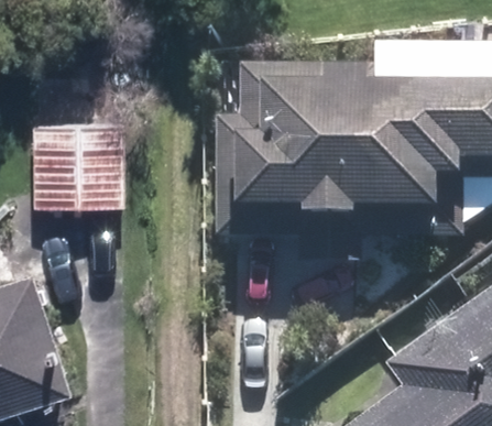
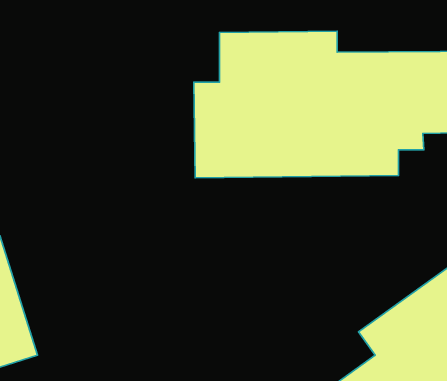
building: [34,116,118,200] -> none

